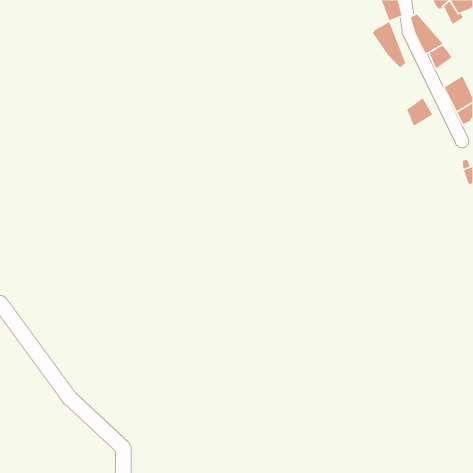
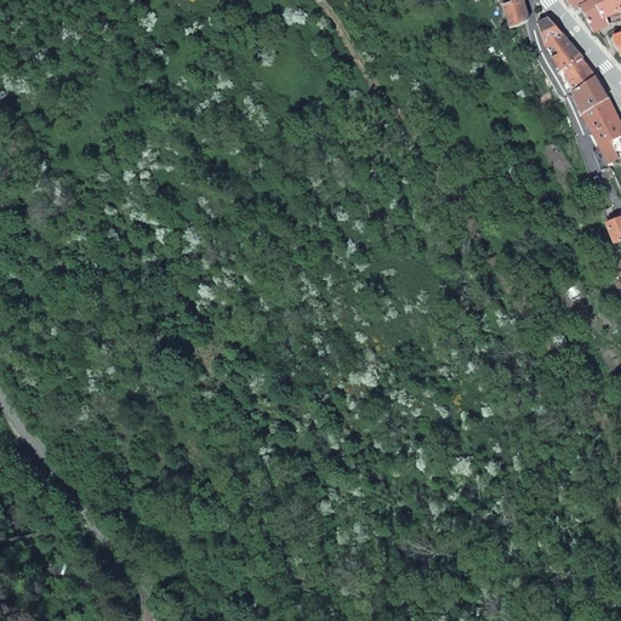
building: [372,21,406,68] -> none
building: [406,97,433,127] -> [571,75,606,114]

